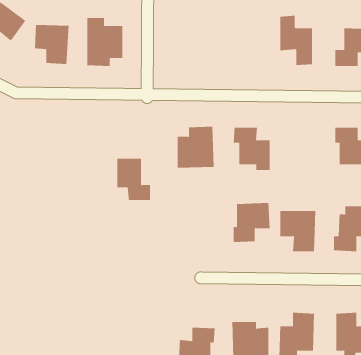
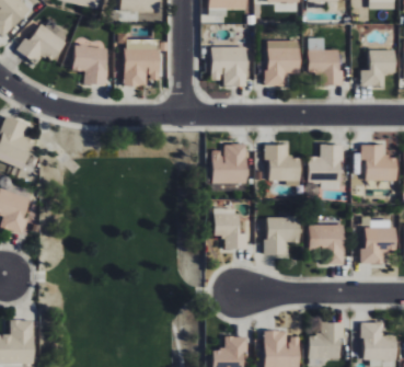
building: none -> [266,41,300,87]
building: none -> [210,47,246,87]
building: none -> [308,145,342,182]
building: [117,158,151,201] -> [213,208,246,249]

